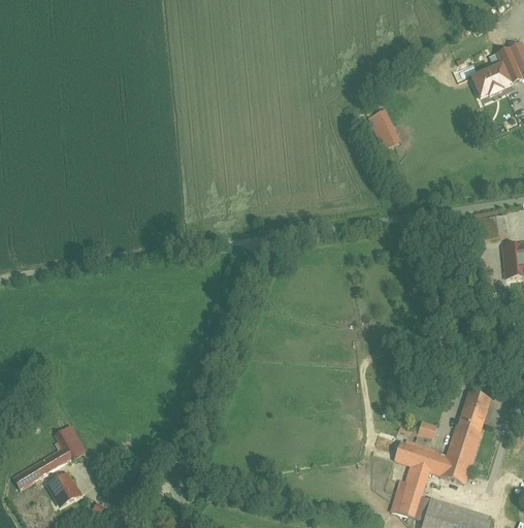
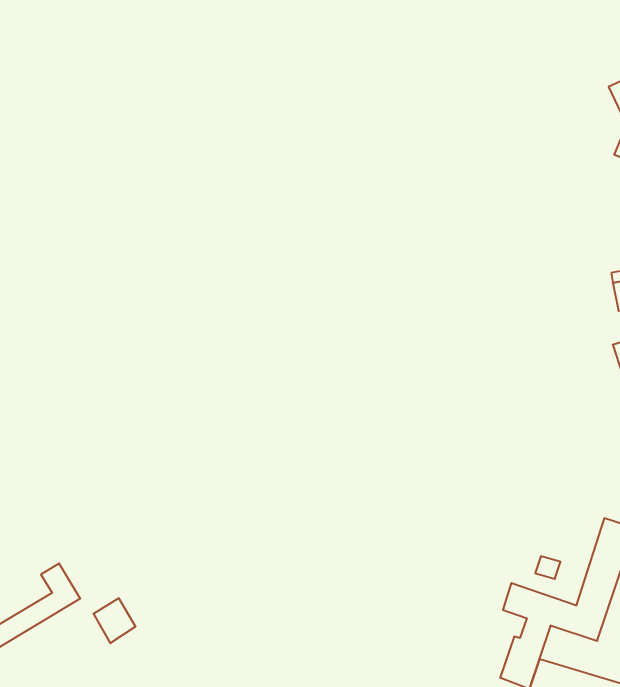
building: [368,108,399,146] -> none
building: [48,472,79,505] -> [93,598,136,643]

